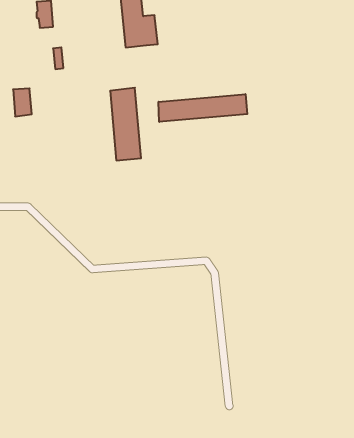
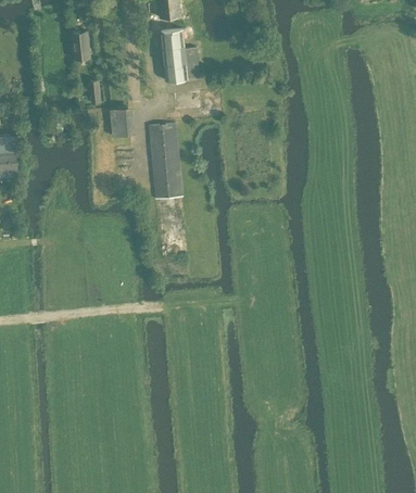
building: [13,88,32,116] -> [110,108,129,137]
building: [159,94,247,122] -> none

